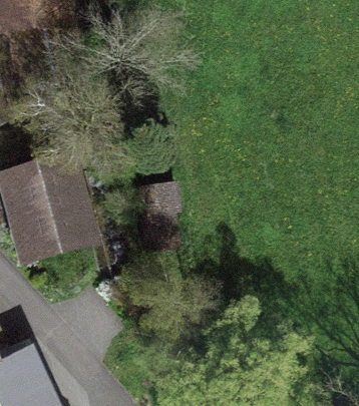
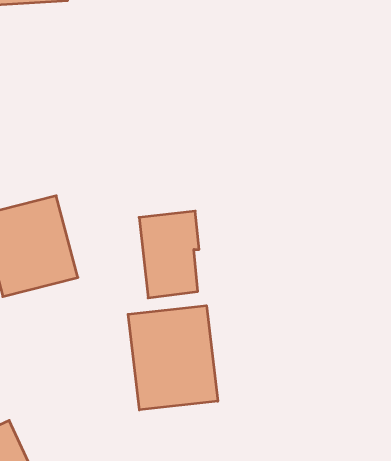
building: none -> [128,306,218,410]

